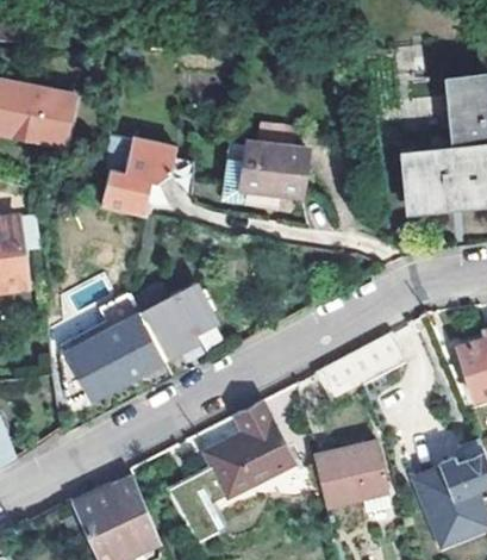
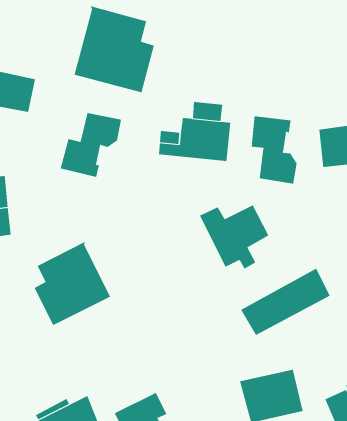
building: none -> [74,5,155,93]
building: none -> [251,115,297,185]
building: [130,284,213,361] -> [199,204,269,270]
building: [205,403,293,498] -> none

